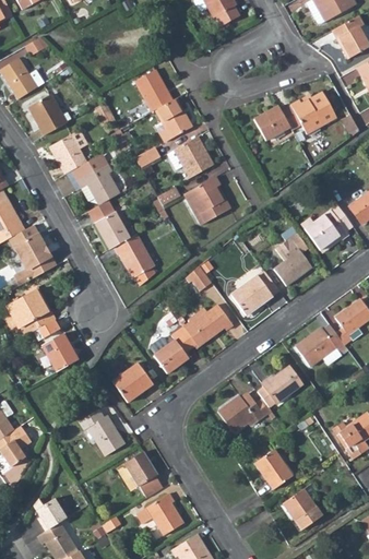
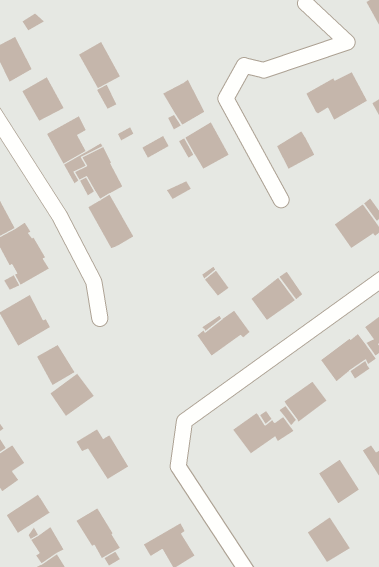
building: [134,69,172,111] -> [78,41,121,89]
building: [255,105,290,140] -> [276,130,315,170]
building: [184,176,231,223] -> none
building: [114,234,156,286] -> none
building: [275,237,313,284] -> none
building: [152,326,199,371] -> none
building: [114,361,154,401] -> [49,373,95,417]
building: [255,448,293,488] -> [318,459,360,504]
building: [123,451,164,497] -> [76,508,121,559]
building: none -> [6,494,51,534]

